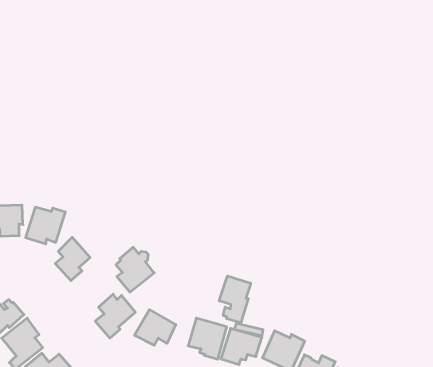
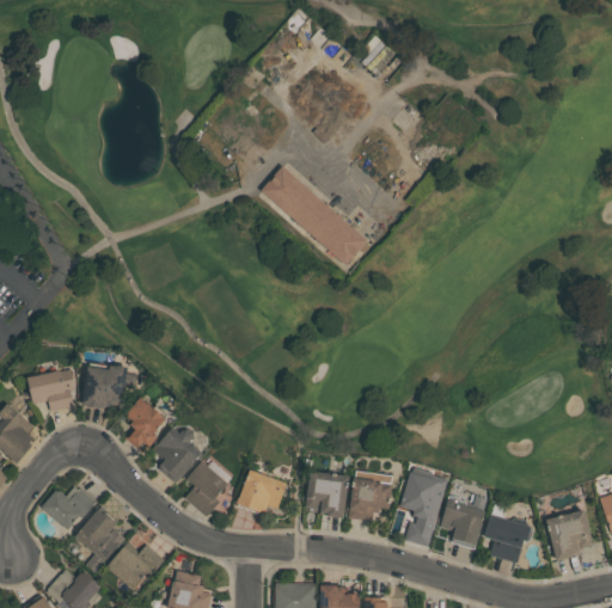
building: none -> [262,165,369,264]
building: [116,247,154,292] -> [153,426,202,483]
building: [219,276,251,323] -> none

